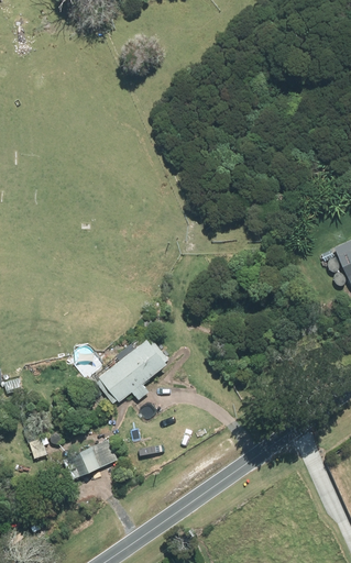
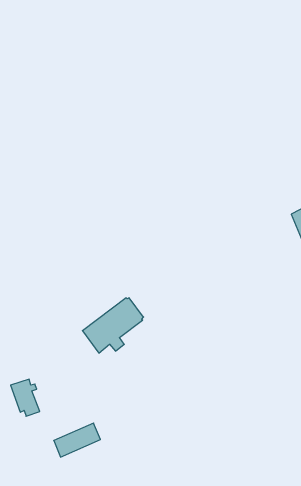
building: [63,441,116,479] -> [54,423,100,457]

